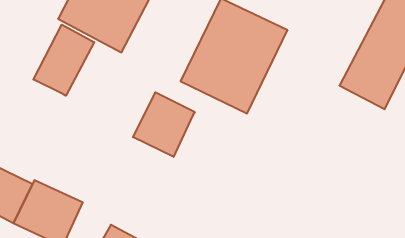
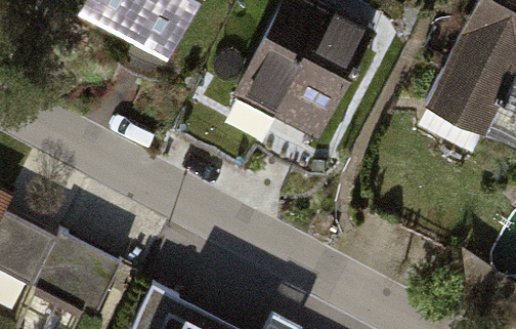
building: [33,25,94,96] -> none
building: [133,92,195,157] -> none

